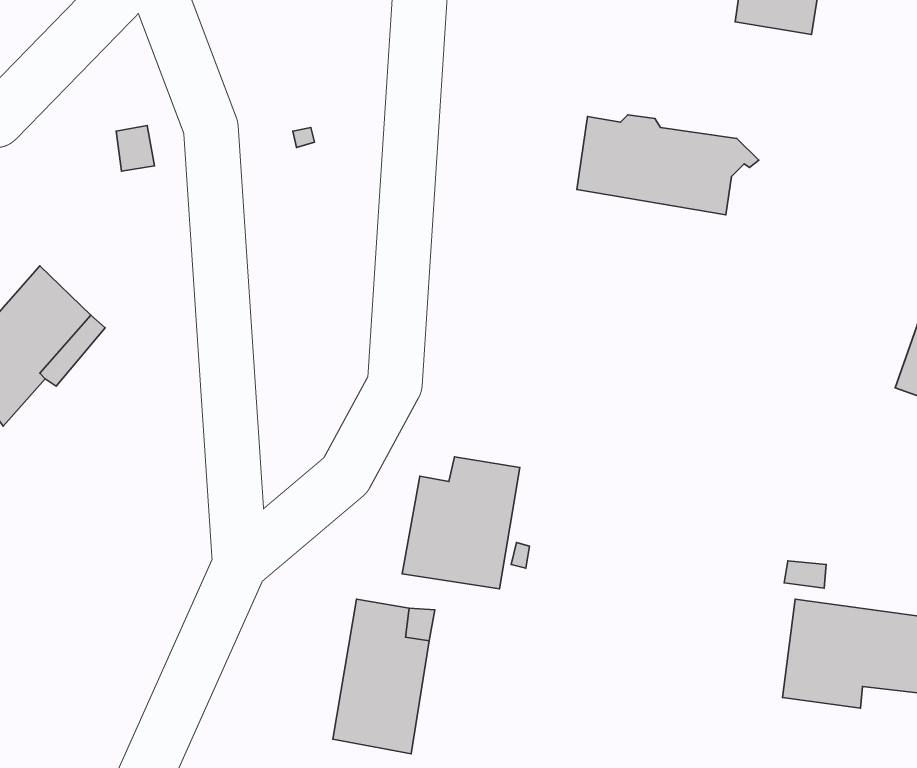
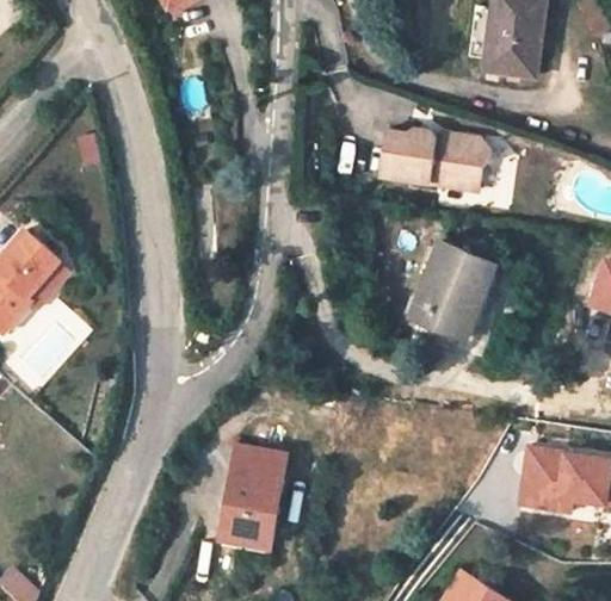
building: none -> [411,241,494,336]
building: [402,457,520,589] -> none

